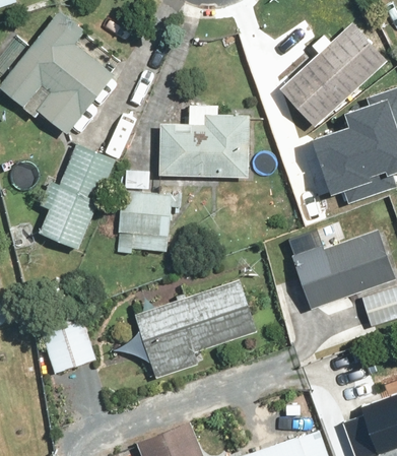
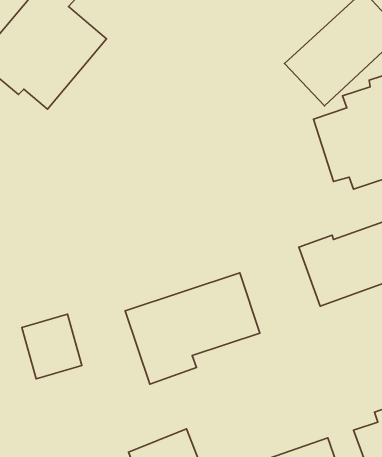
building: [158,106,248,178] -> none
building: [36,144,115,249] -> none
building: [112,188,169,256] -> none

